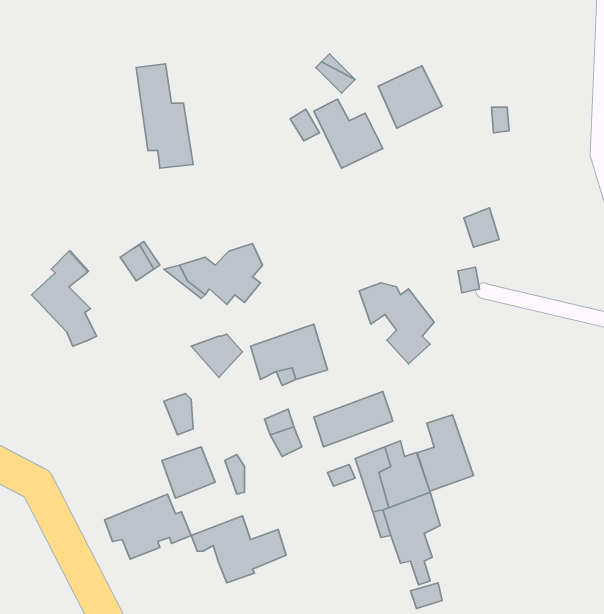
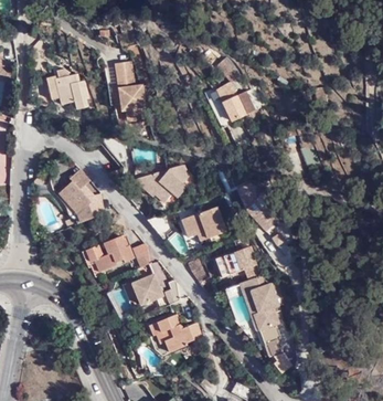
building: [378,66,442,128] -> none
building: none -> [45,67,88,109]
building: [417,415,474,491] -> none
building: [104,494,191,559] -> [84,238,132,274]

